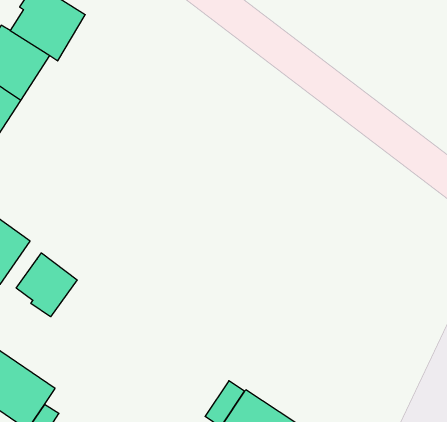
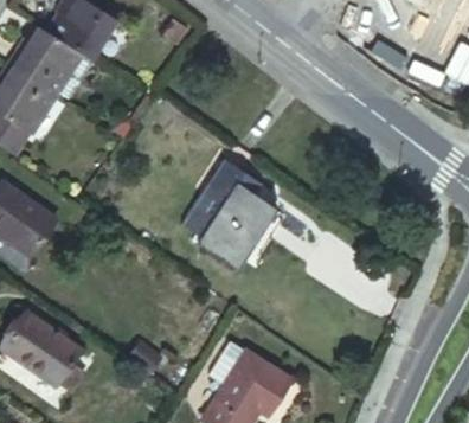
building: none -> [185,162,277,268]
building: [16,253,77,317] -> none

